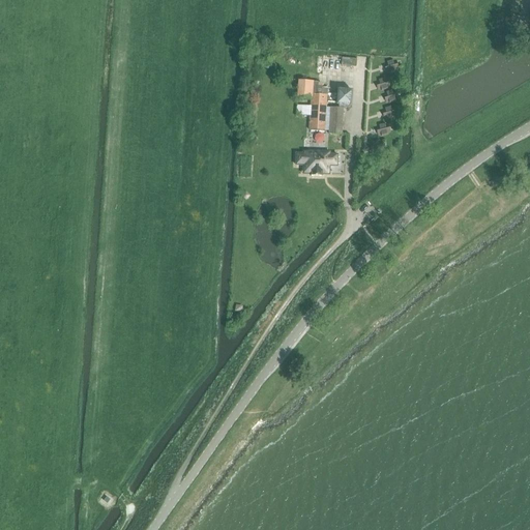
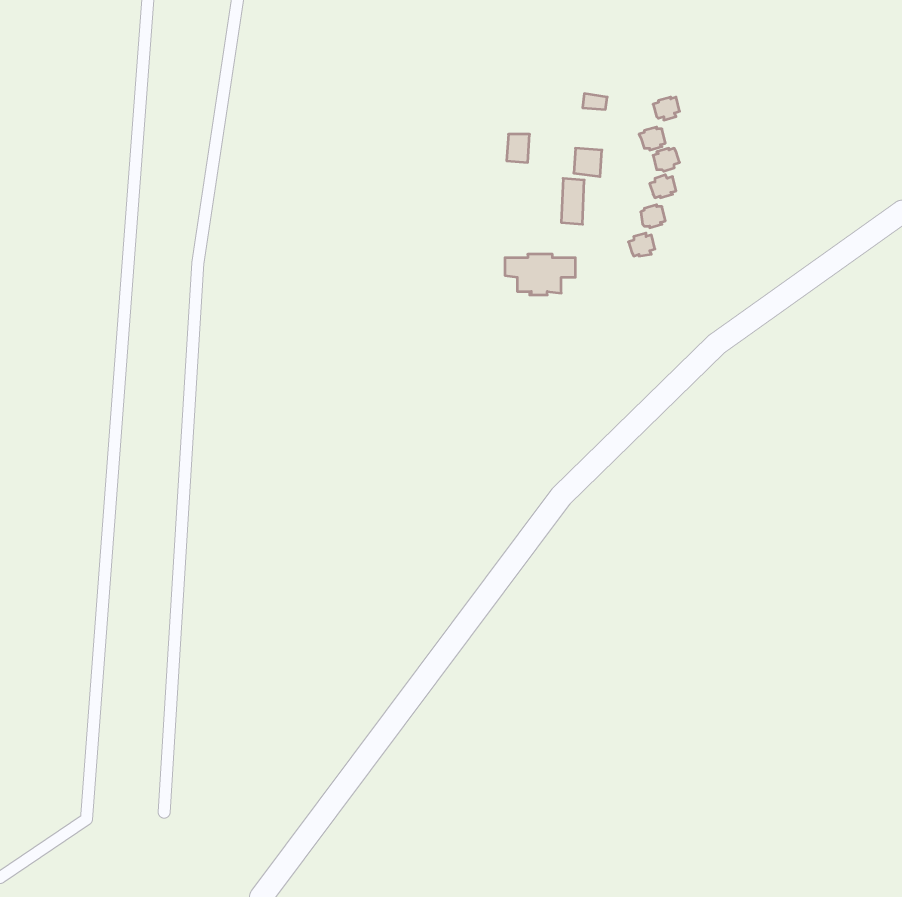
building: [308,92,327,128] -> none

